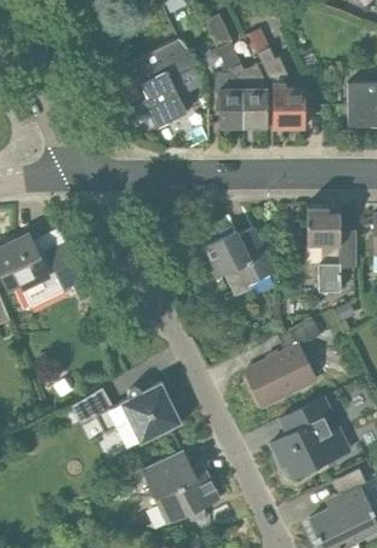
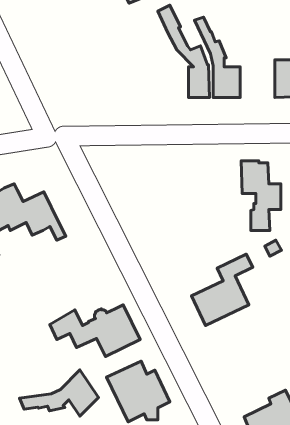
building: [131,39,202,129] -> none
building: [215,70,249,129] -> none
building: [205,228,276,289] -> none
building: [270,398,339,479] -> none
building: none -> [20,370,99,416]

